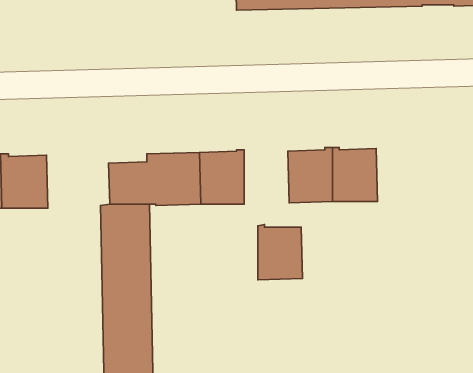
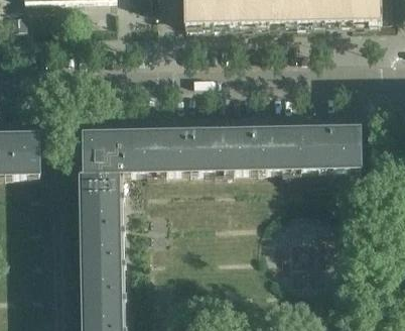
building: none -> [291,126,361,169]
building: [258,224,303,280] -> [190,128,225,171]

